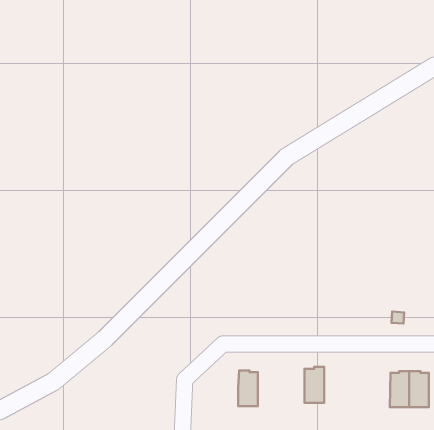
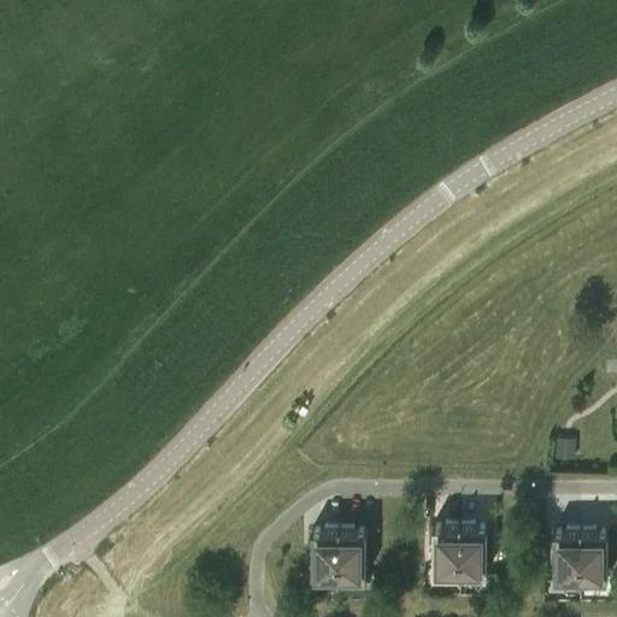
building: none -> [459,527,487,578]
building: none -> [311,530,339,582]

